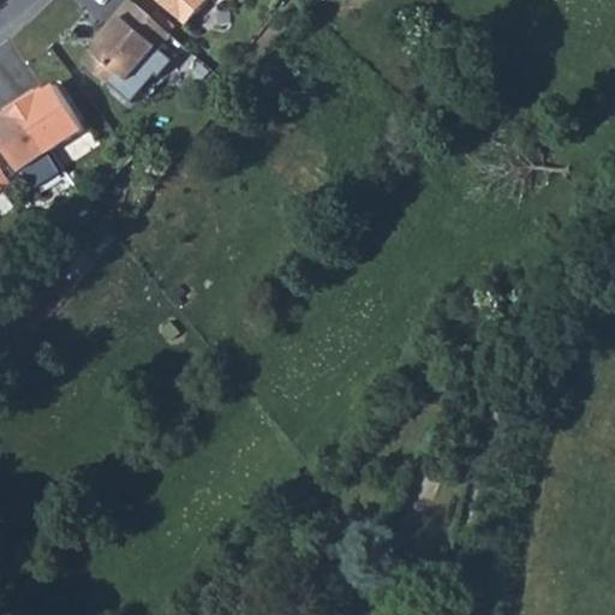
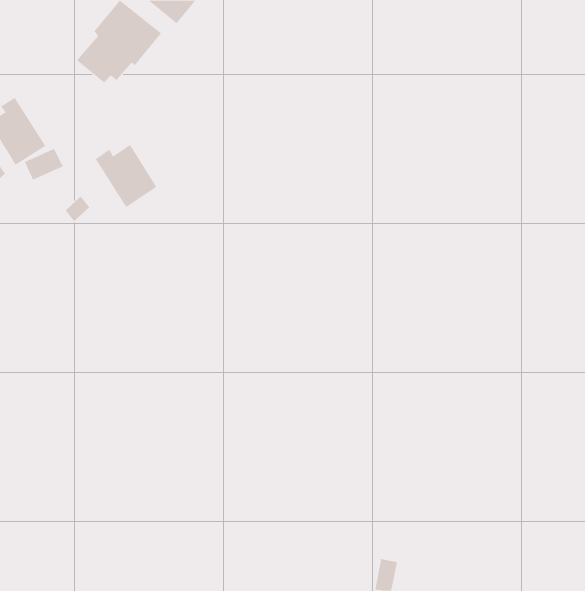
building: [16,85,80,151] -> [95,144,157,208]

